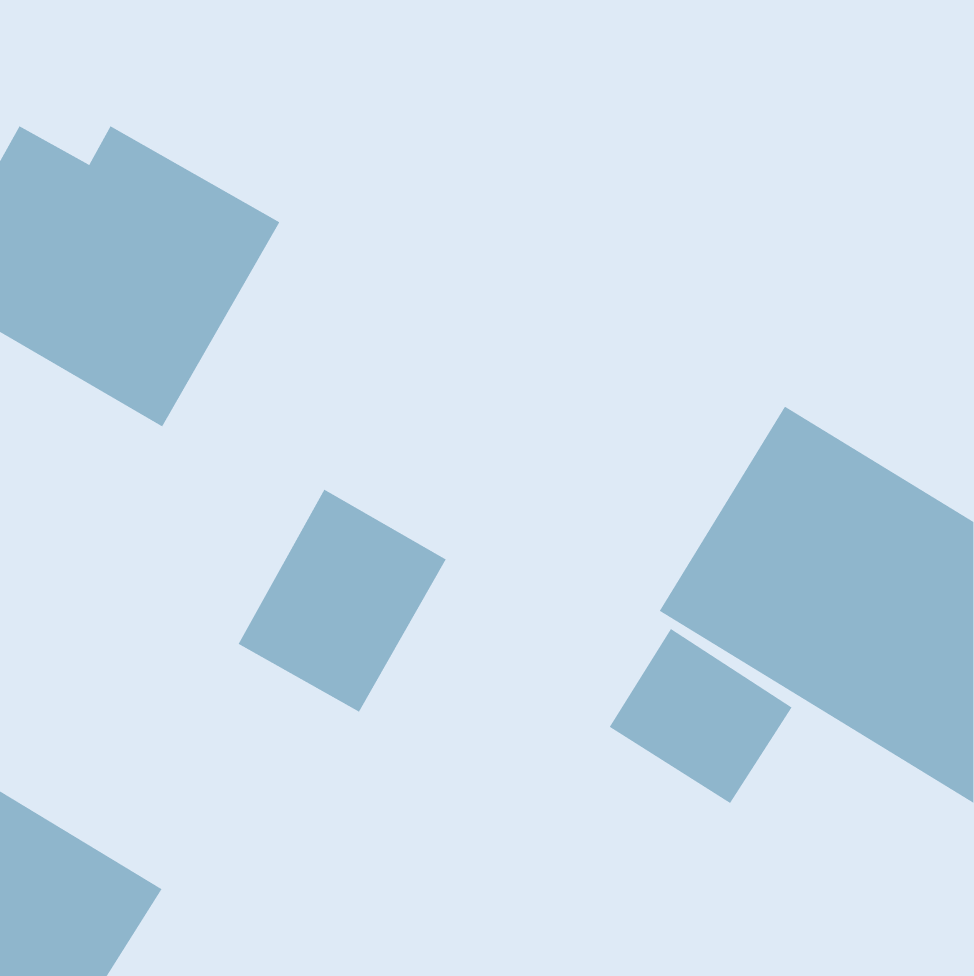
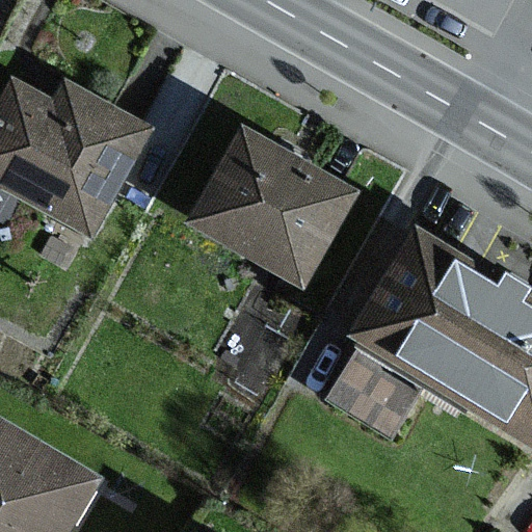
building: none -> [194,128,356,282]
building: [238,489,446,712] -> none

